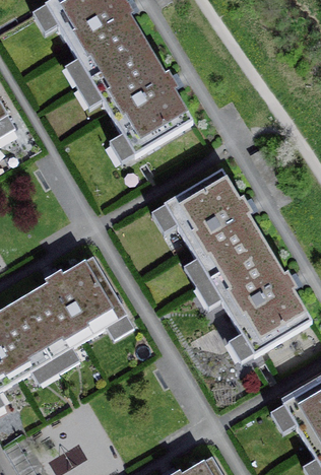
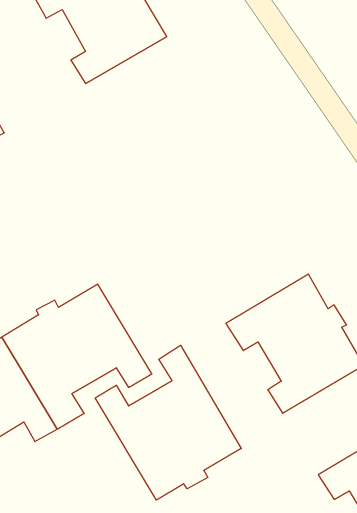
building: [81,52,193,165] -> none
building: [155,177,265,288] -> none
building: none -> [95,345,241,500]

